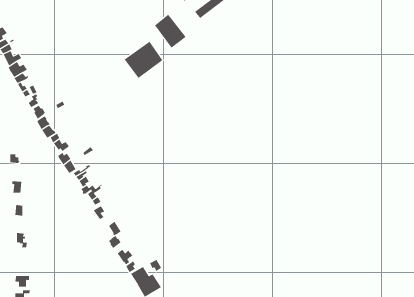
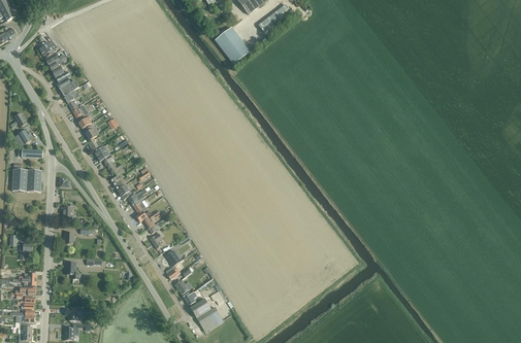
building: [124,41,163,79] -> none

